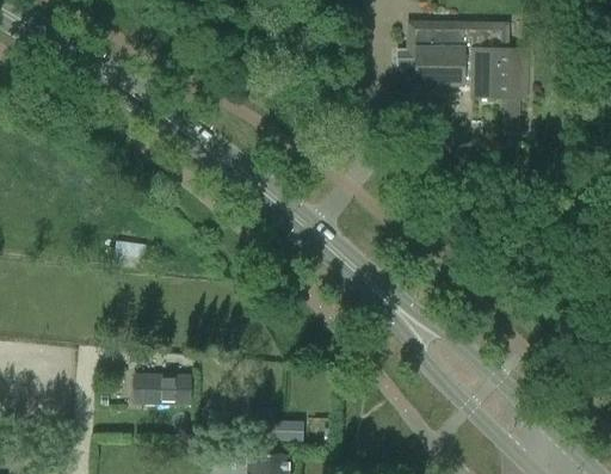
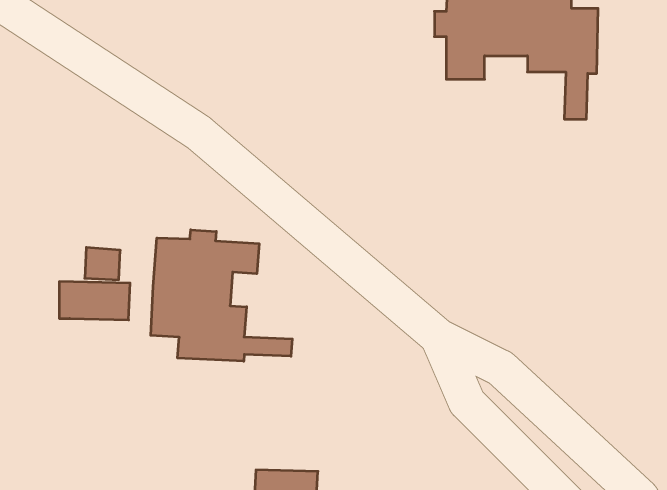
building: none -> [151,230,292,361]
building: [134,374,191,405] -> [59,282,130,320]

